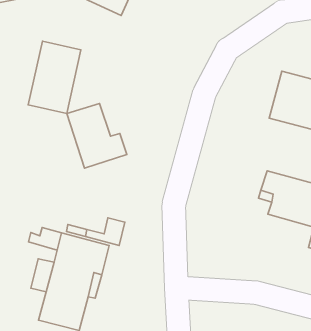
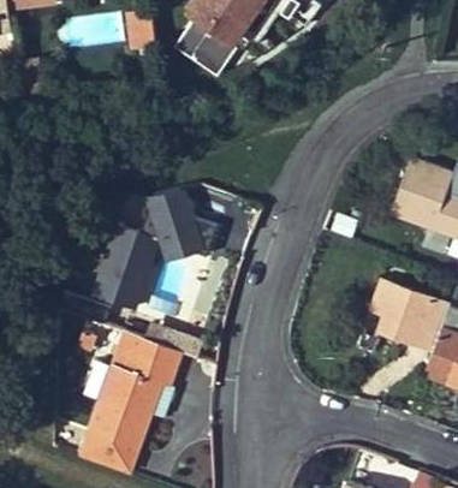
building: [28,41,81,113] -> [89,216,159,307]

